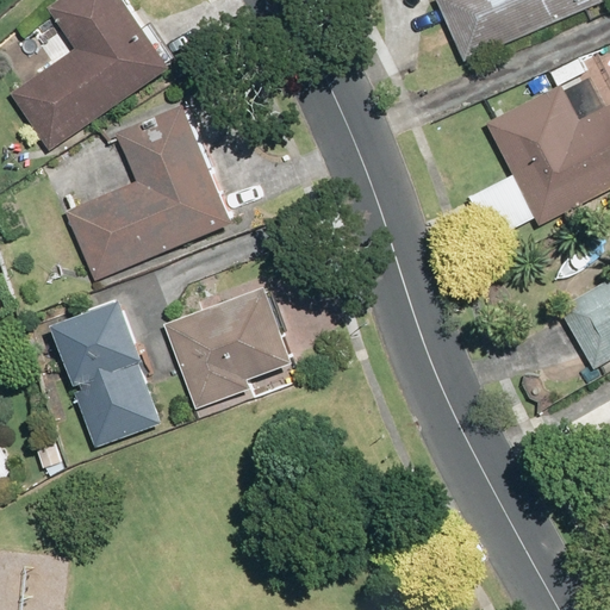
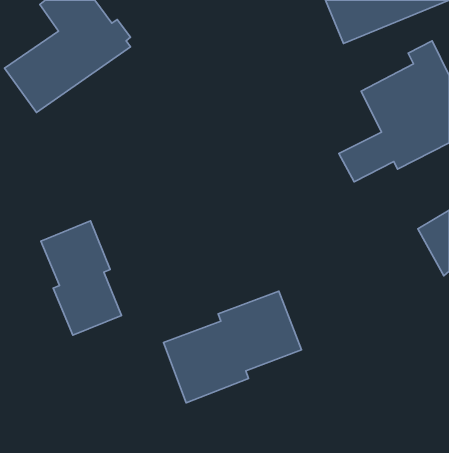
building: [66,101,242,280] -> none
building: [162,282,301,407] -> none
building: none -> [163,291,301,403]

